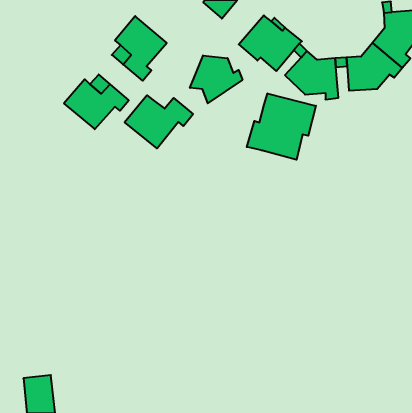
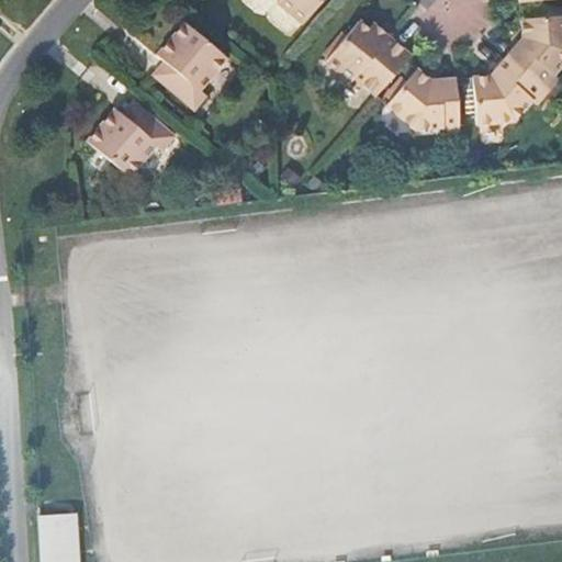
building: [190,55,242,103] -> none
building: [247,93,316,160] -> none
building: [125,95,193,148] -> none

